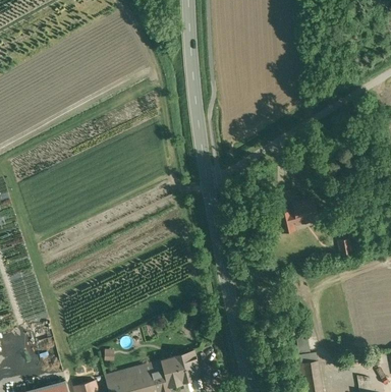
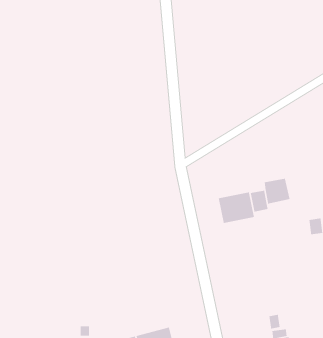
building: none -> [218,192,255,224]

